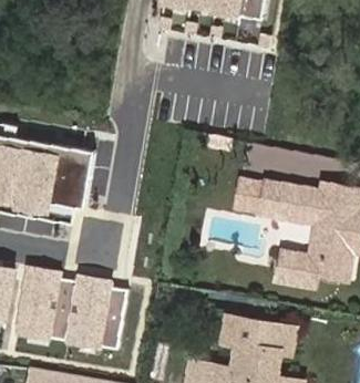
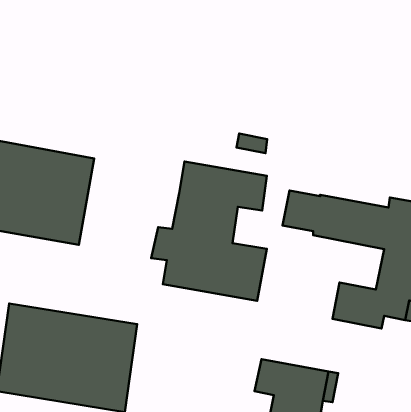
building: none -> [151,162,267,301]

